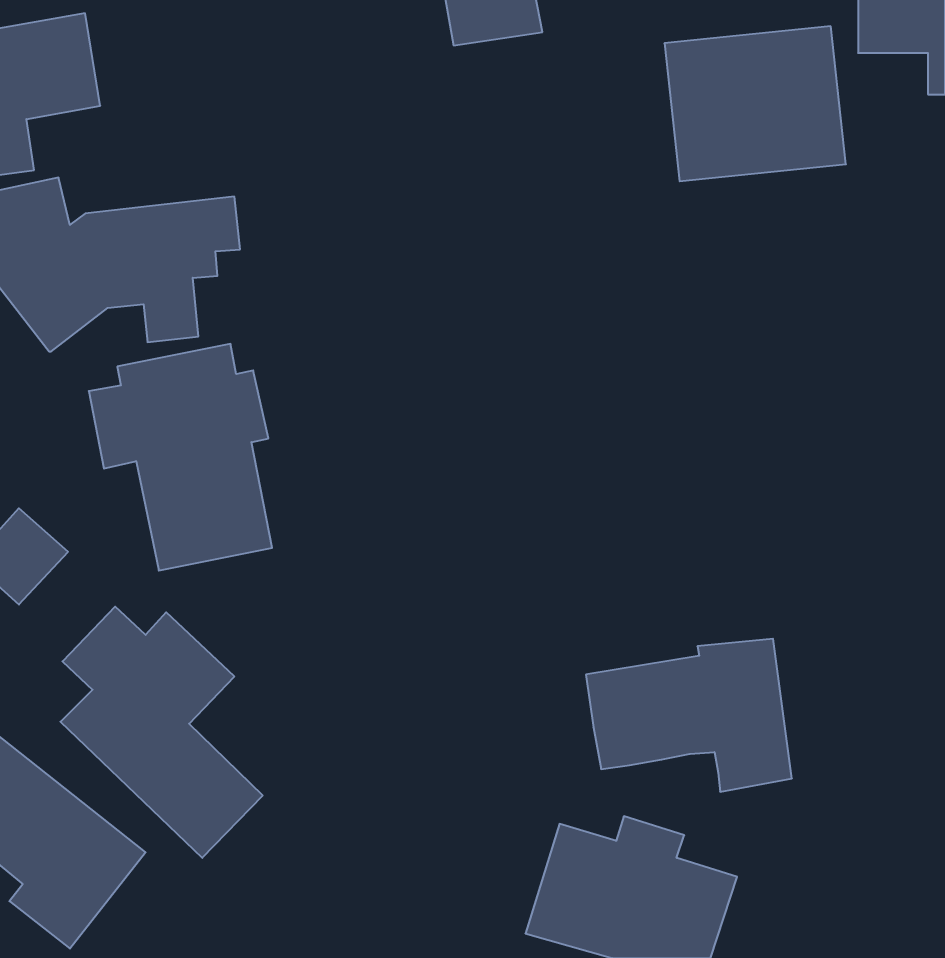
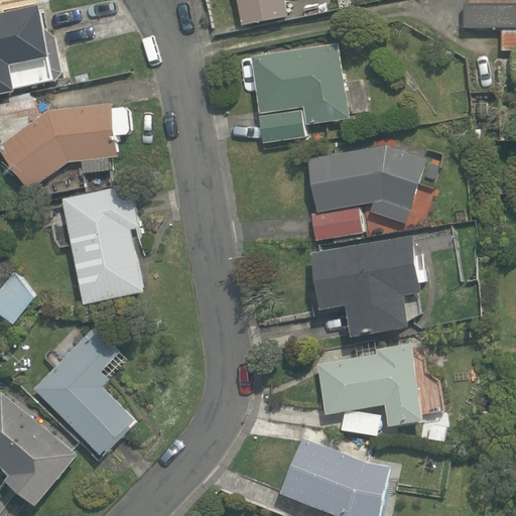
building: [664,26,846,181] -> [250,48,347,131]
building: none -> [306,147,420,244]
building: none -> [313,240,422,338]

